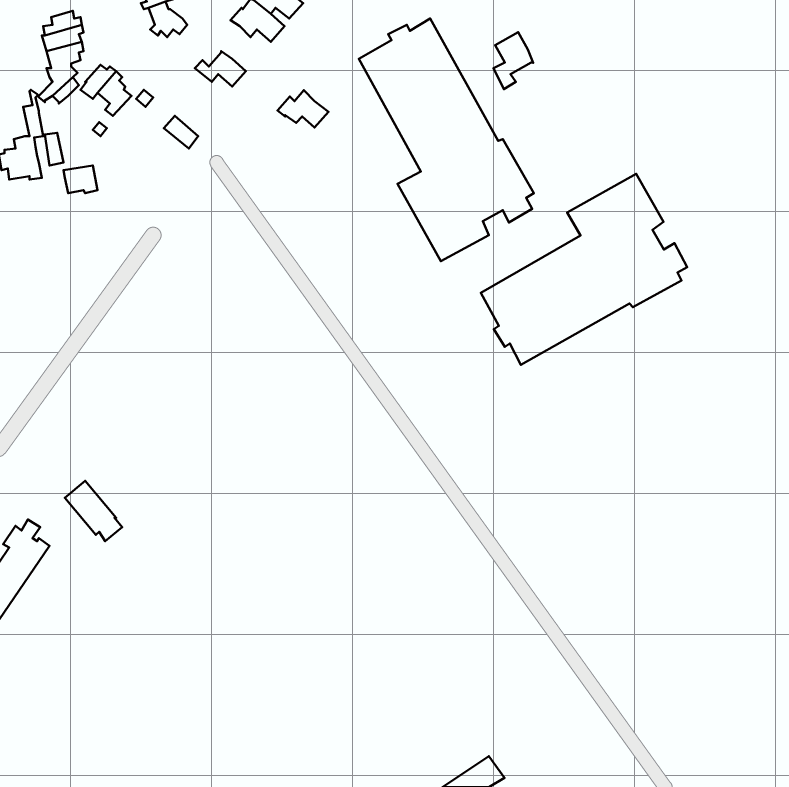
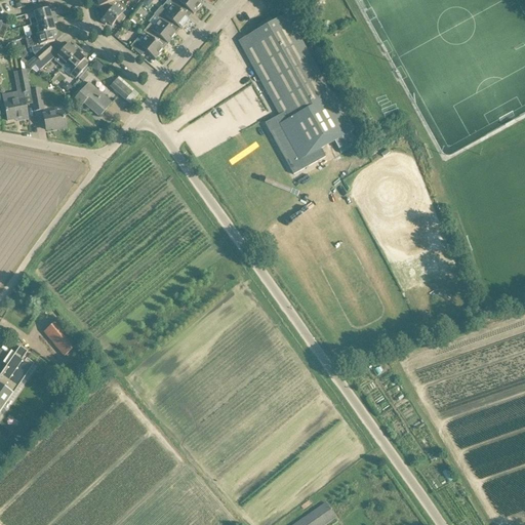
building: [493,32,533,89] -> none
building: [278,90,329,127] -> [142,17,175,42]
building: none -> [71,81,111,116]
building: [481,174,687,365] -> none

